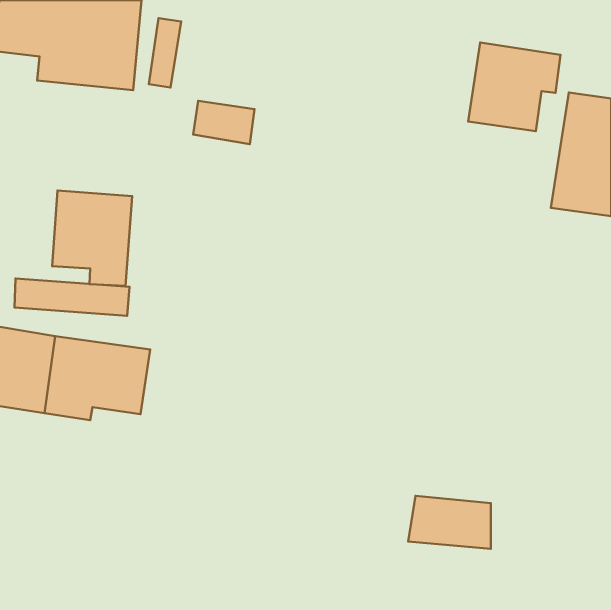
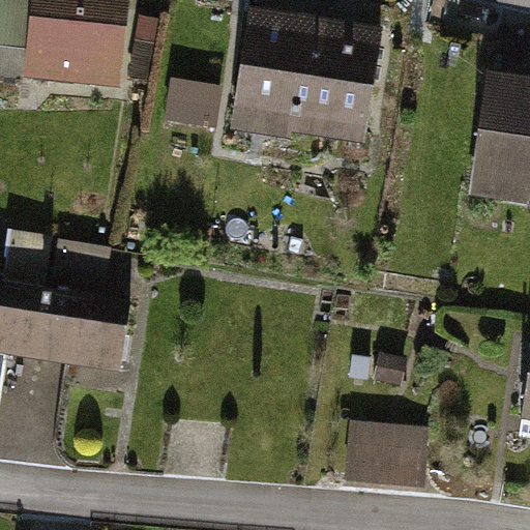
building: none -> [237,18,380,139]
building: [468,43,560,131] -> none
building: [52,190,132,286] -> none

